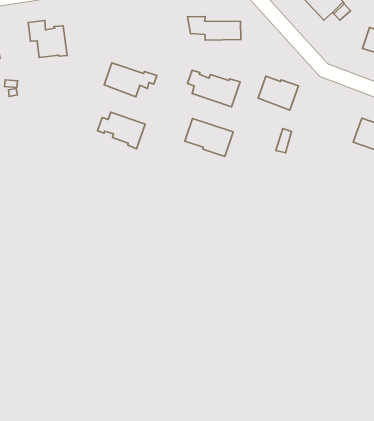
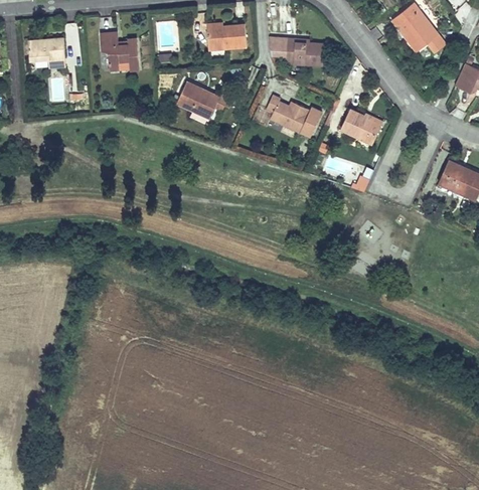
building: none -> [206,24,248,50]
building: [98,112,145,149] -> none
building: [185,119,233,157] -> none

